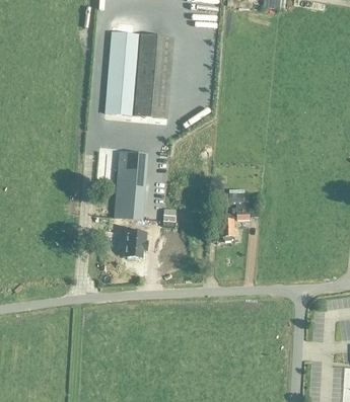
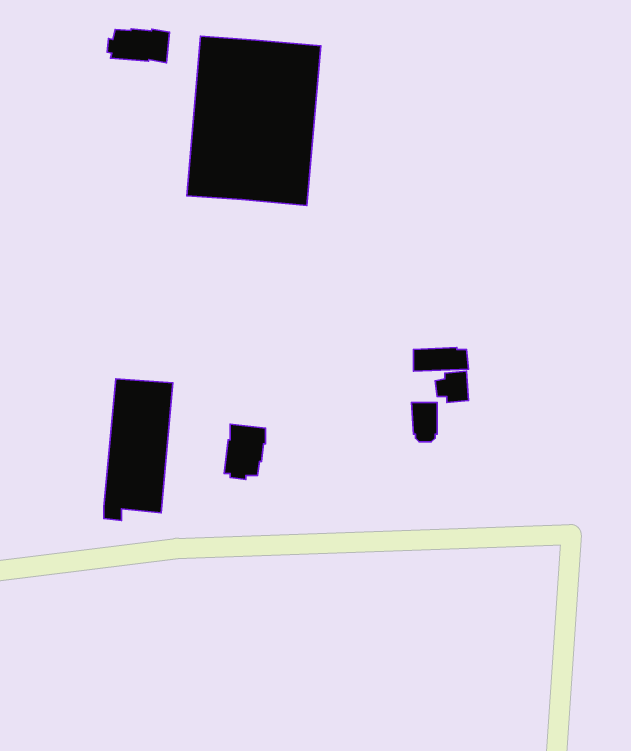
building: none -> [107,29,169,63]
building: [113,152,148,225] -> [104,379,173,521]

